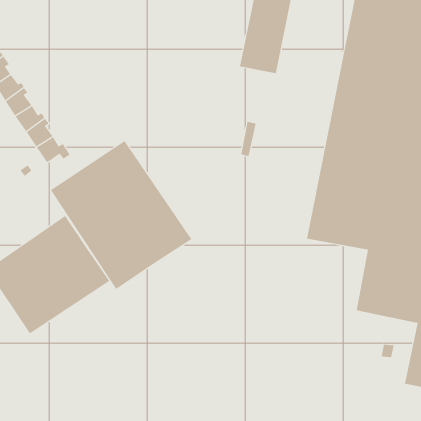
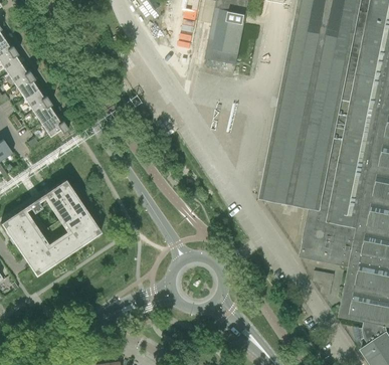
building: [50,140,192,290] -> none

